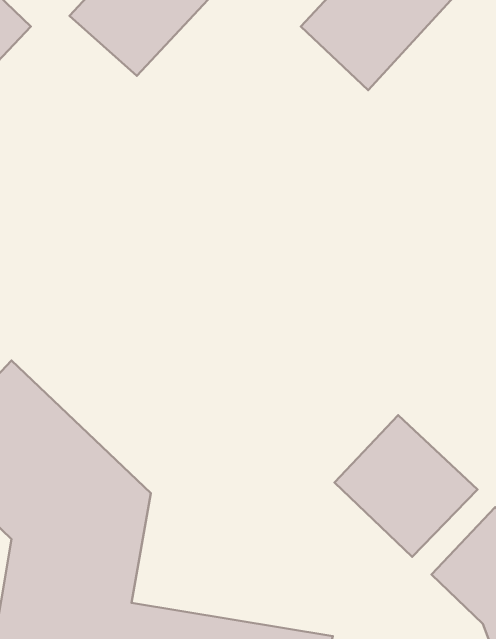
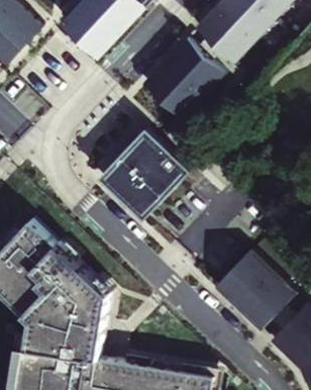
building: none -> [142,38,223,119]
building: none -> [98,127,190,220]

